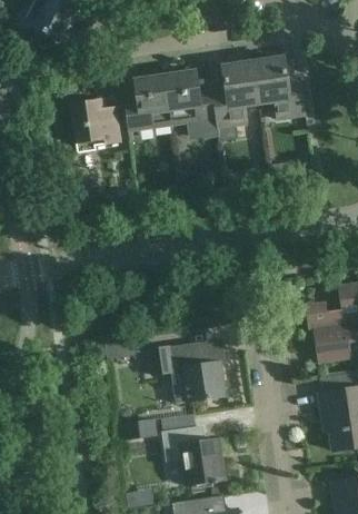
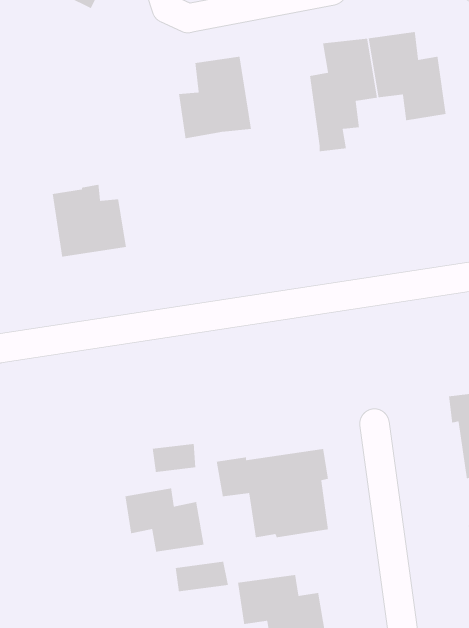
building: [166,69,219,137] -> none
building: [70,97,121,147] -> [52,184,127,257]
building: none -> [125,487,205,553]

